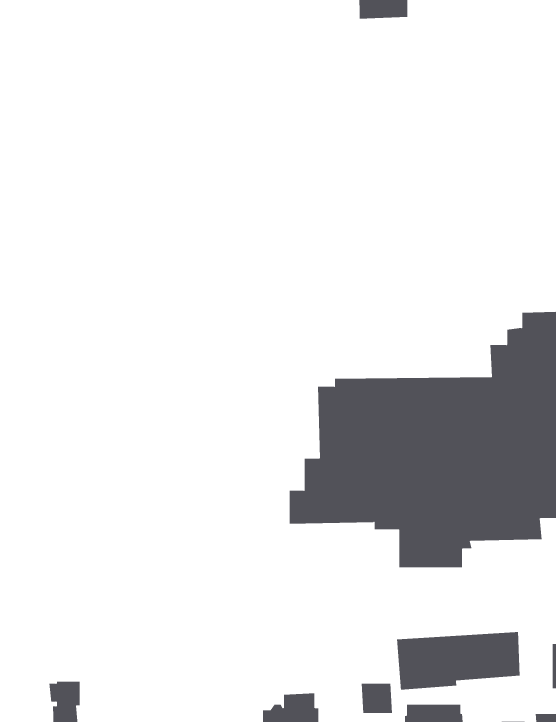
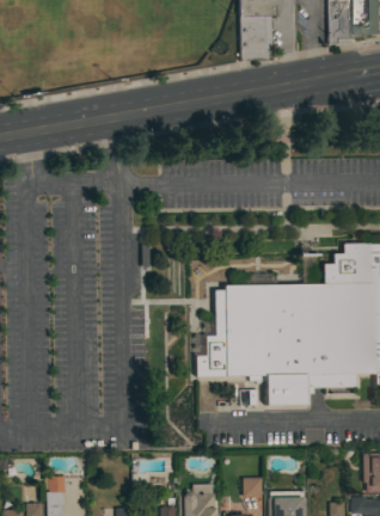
building: [396,631,520,691] -> none

